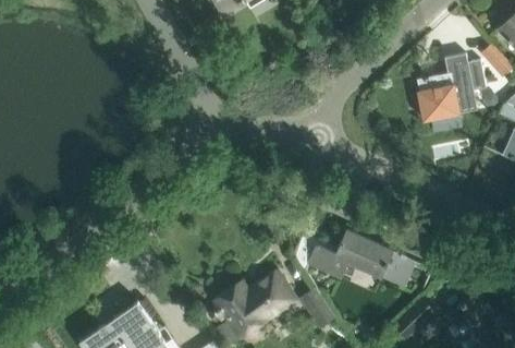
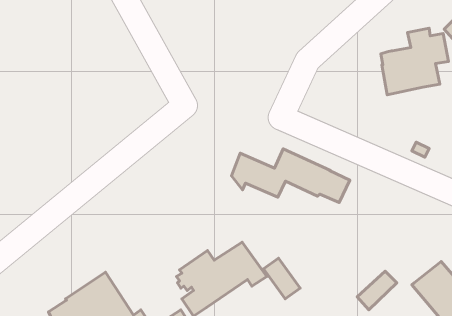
building: [294,229,414,284] -> [232,149,350,203]

